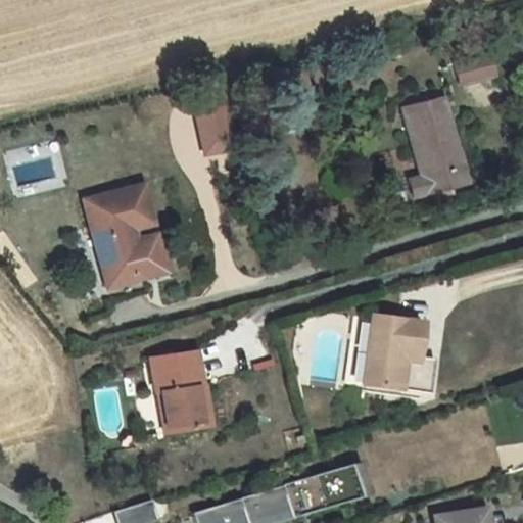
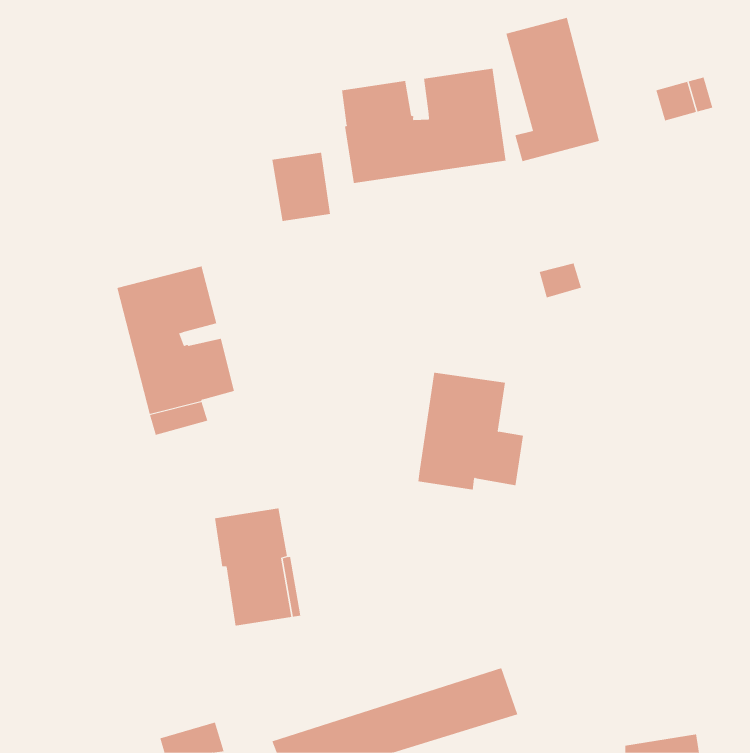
building: none -> [342,68,506,184]
building: [403,97,469,197] -> [505,17,600,162]
building: [362,316,435,397] -> [417,372,524,490]

